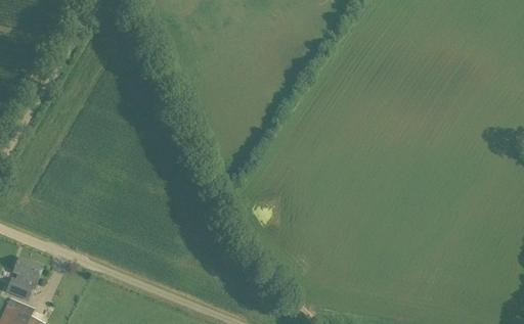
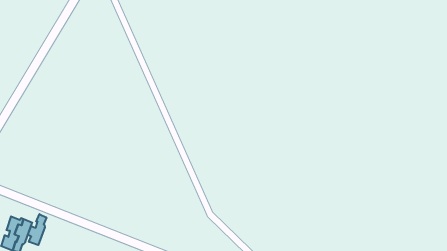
building: none -> [28,214,46,245]

